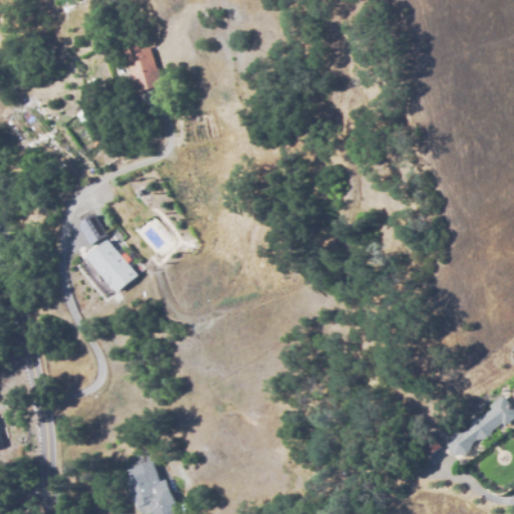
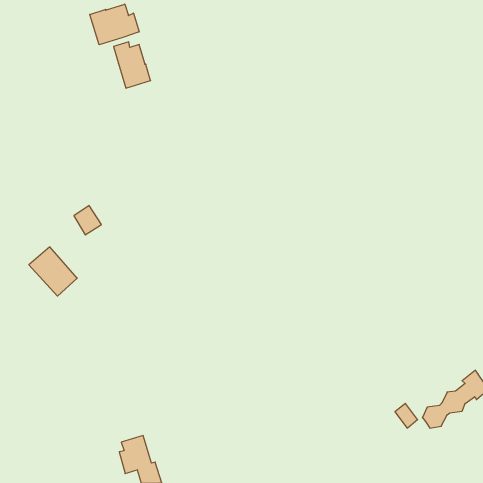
building: none -> [90,4,139,45]
building: [87,243,139,295] -> [29,247,77,296]

